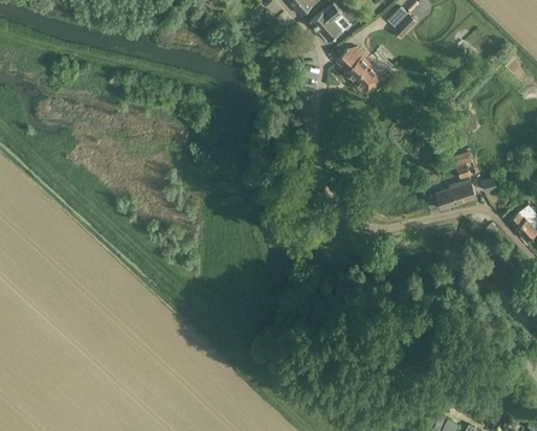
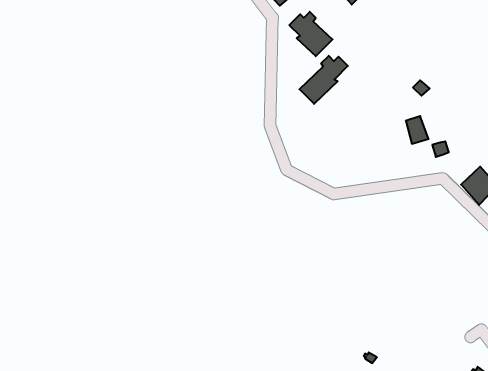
building: none -> [299,56,348,104]
building: [436,179,476,209] -> none

